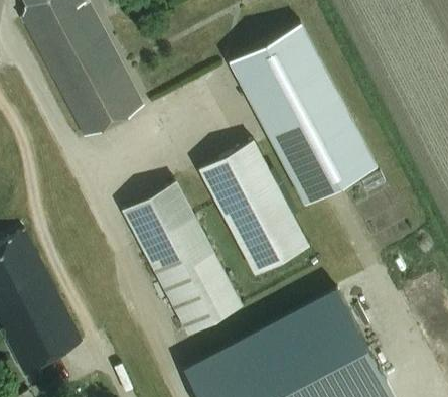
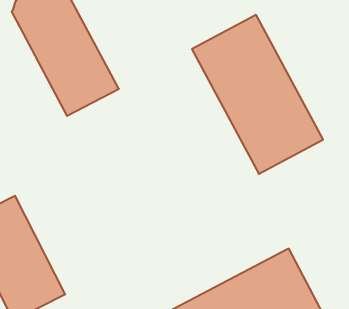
building: [199,141,310,276] -> none
building: [124,182,244,336] -> none

